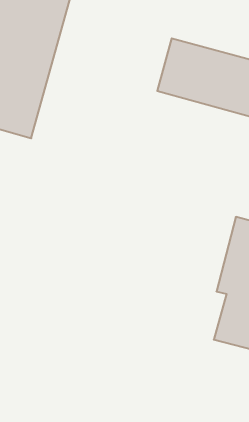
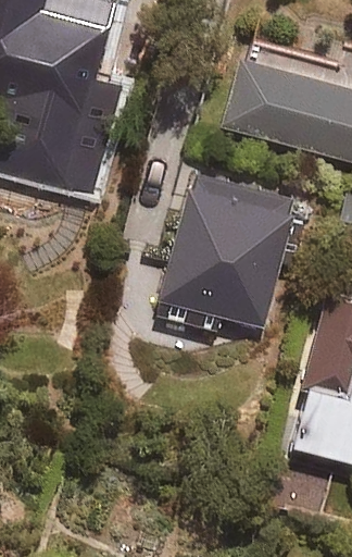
building: none -> [161,173,298,329]

